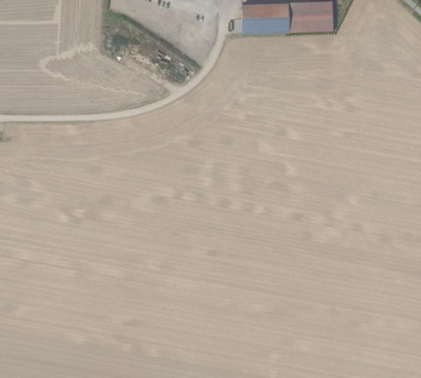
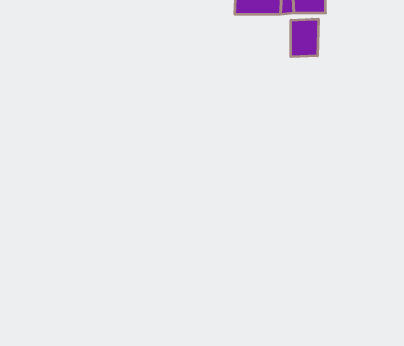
building: none -> [291,19,318,57]

